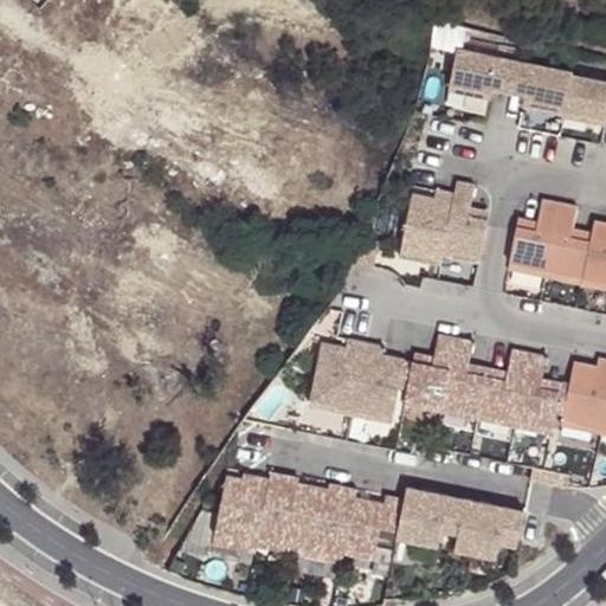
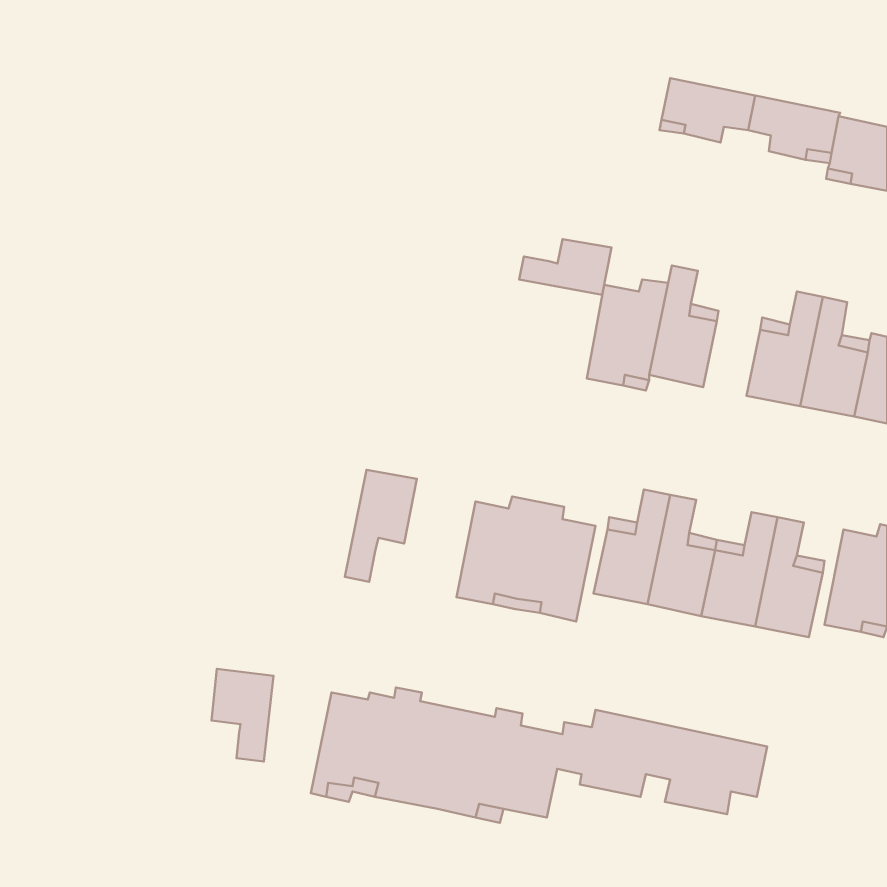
building: none -> [519,239,611,295]
building: none -> [345,470,417,582]
building: none -> [211,669,274,761]

